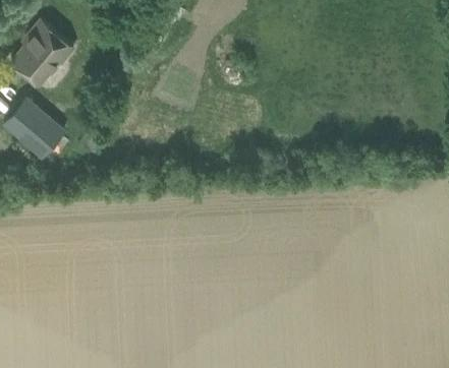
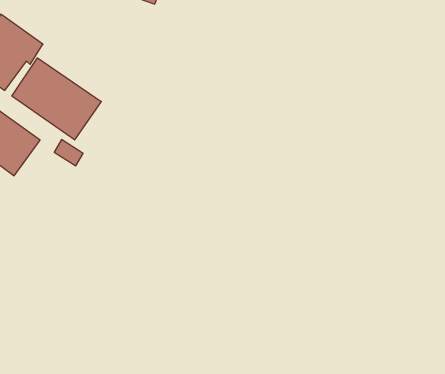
building: none -> [12,58,101,140]

